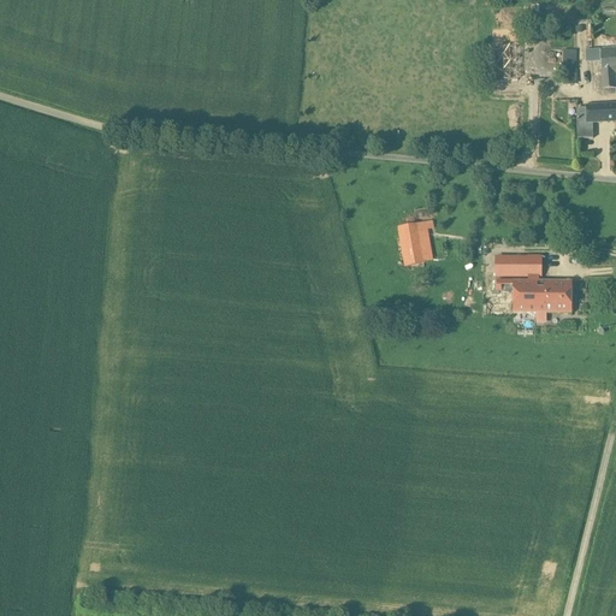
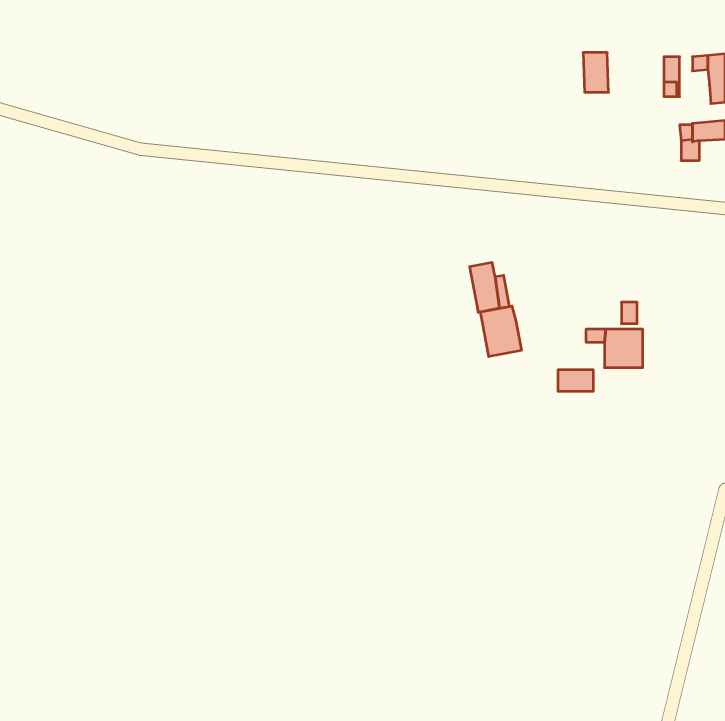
building: [497,256,527,274] -> [558,370,593,391]
building: none -> [480,306,521,357]
building: [545,279,571,312] -> none

